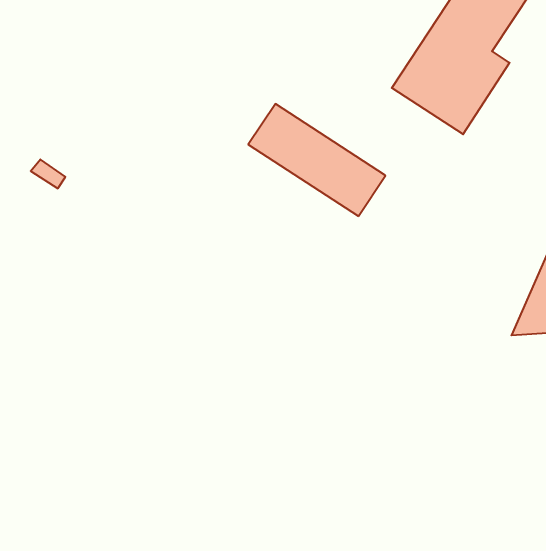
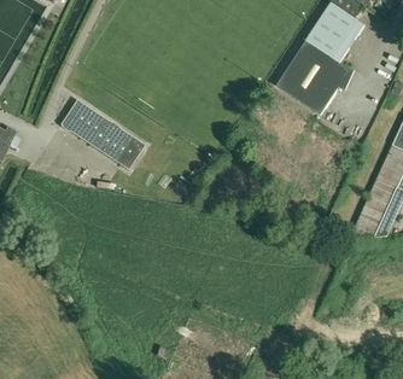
building: [248,104,385,216] -> [60,98,146,168]

